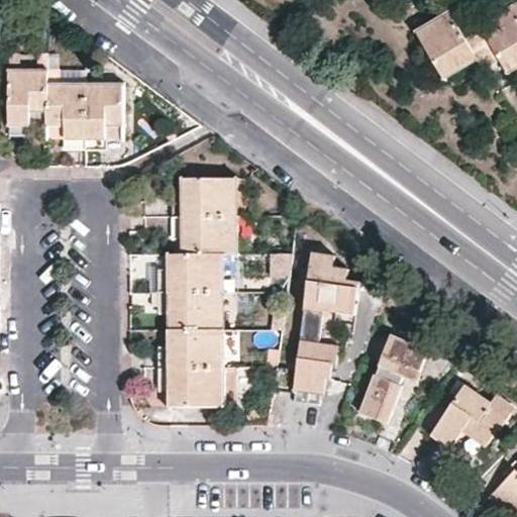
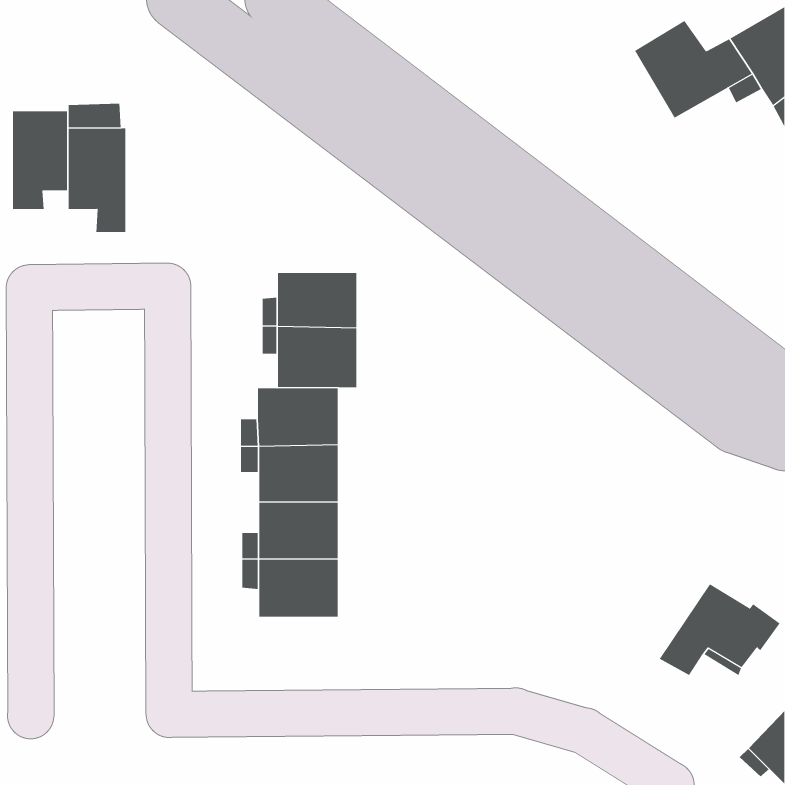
building: [83,84,122,152] -> none
building: [293,249,359,390] -> none
building: [363,332,428,419] -> none

